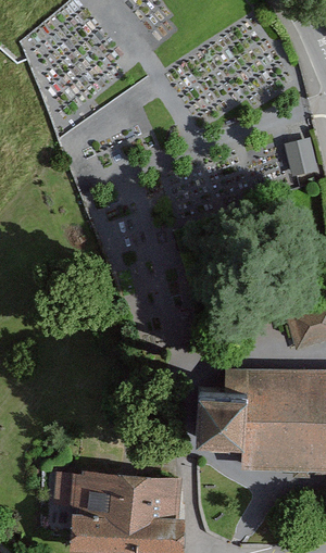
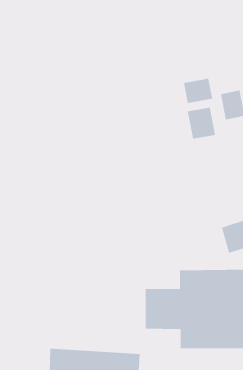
building: none -> [183,78,213,104]
building: none -> [187,107,216,140]

